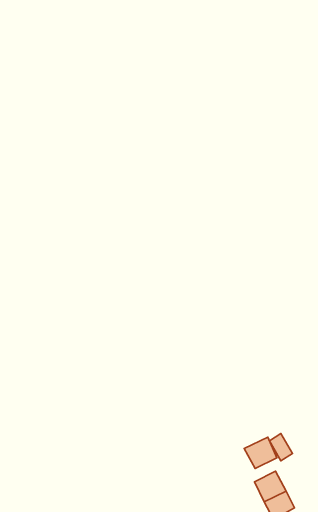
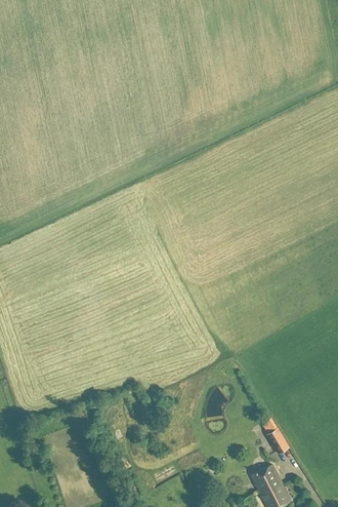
building: [244,437,277,469] -> none

